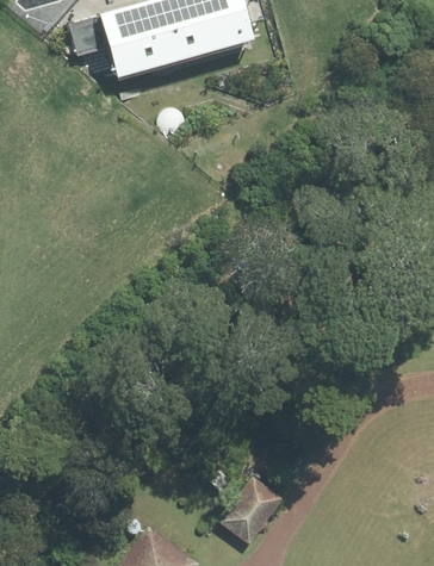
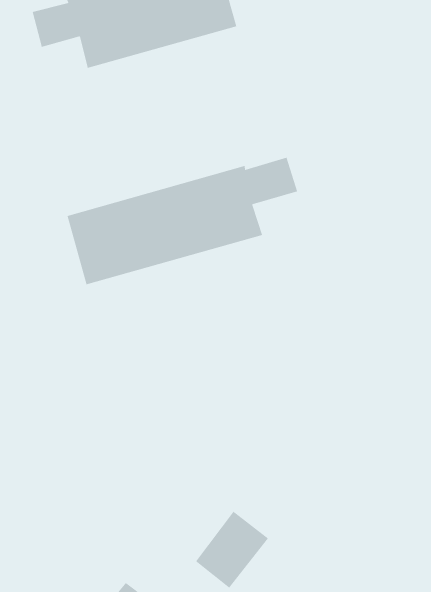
building: none -> [67,157,298,285]

